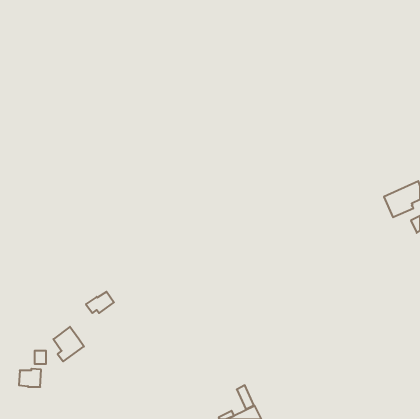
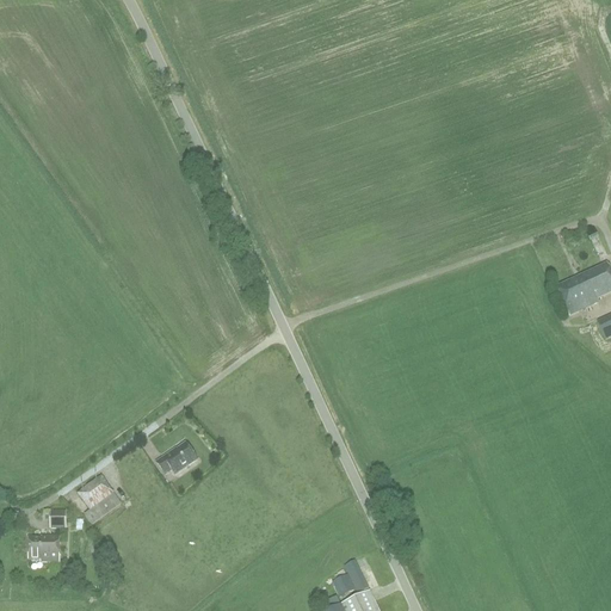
building: [86,292,114,313] -> [156,443,197,474]

